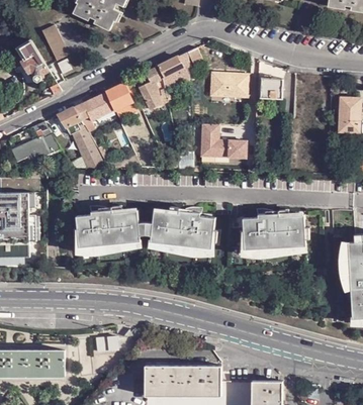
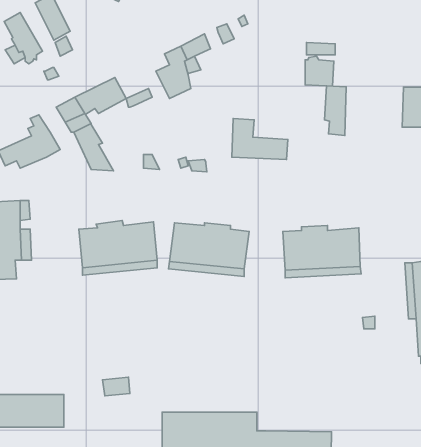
building: [206,78,238,98] -> none
building: [105,84,132,109] -> none
building: none -> [325,86,346,135]

